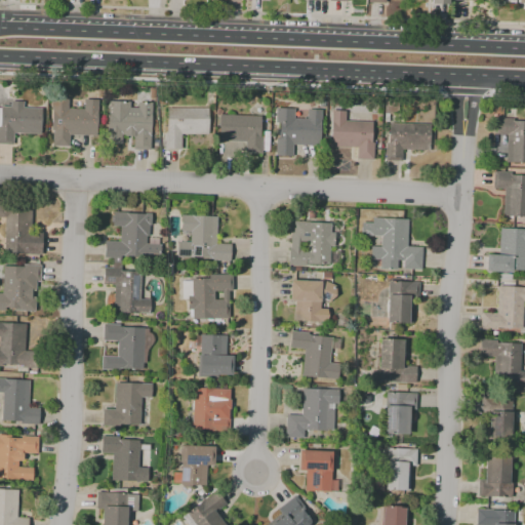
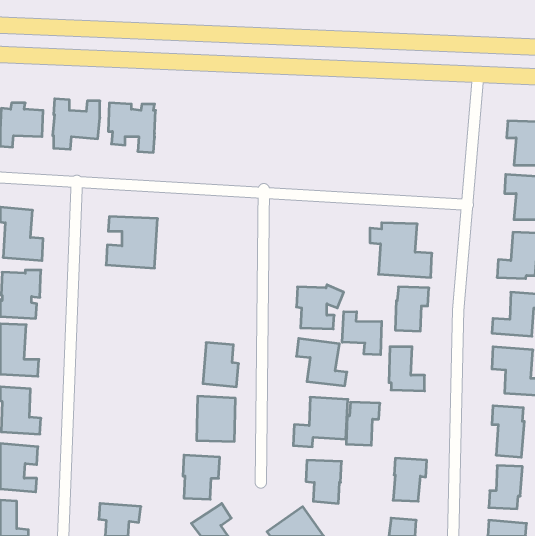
building: [167,107,211,148] -> none
building: [277,107,322,155] -> none
building: [331,110,374,158] -> none
building: [220,113,262,153] -> none
building: [387,122,431,160] -> none
building: [181,215,232,264] -> none
building: [290,220,336,266] -> none
building: [105,267,152,315] -> none
building: [190,274,235,322] -> none
building: none -> [342,312,382,355]
building: [103,323,146,370] -> none
building: [104,381,154,425] -> none
building: [385,392,417,434] -> [346,402,380,445]
building: [104,435,149,481] -> none

